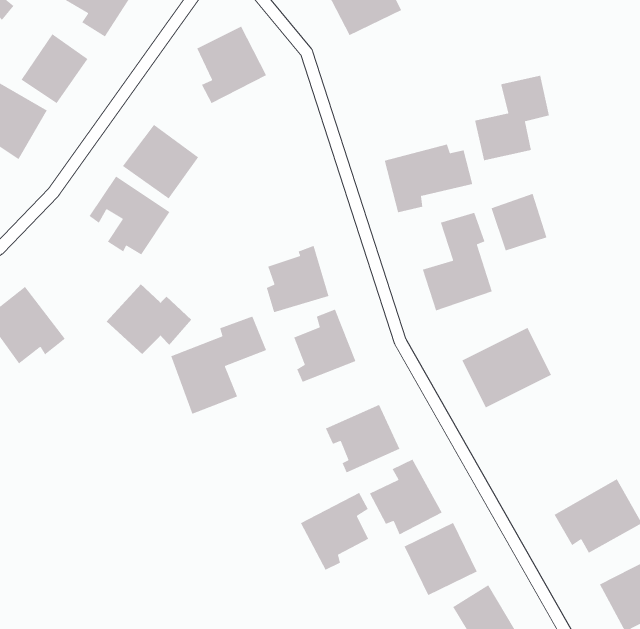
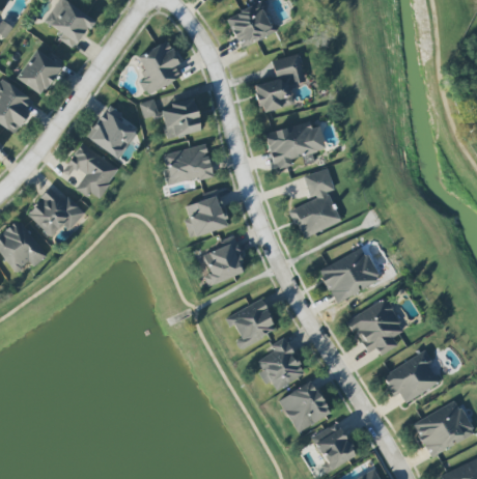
building: [474,75,550,161] -> [254,53,306,112]
building: none -> [140,96,201,139]
building: none -> [164,143,214,186]
building: [490,193,548,251] -> none
building: [106,284,192,355] -> [26,188,85,236]
building: [170,316,267,415] -> none
building: none -> [347,298,404,355]
building: [300,492,369,571] -> none

